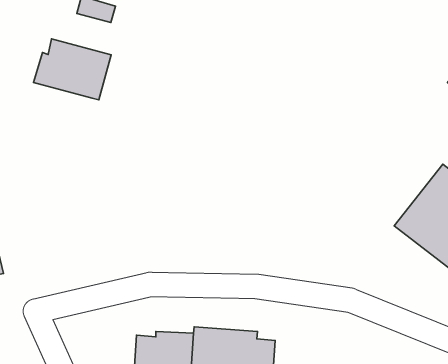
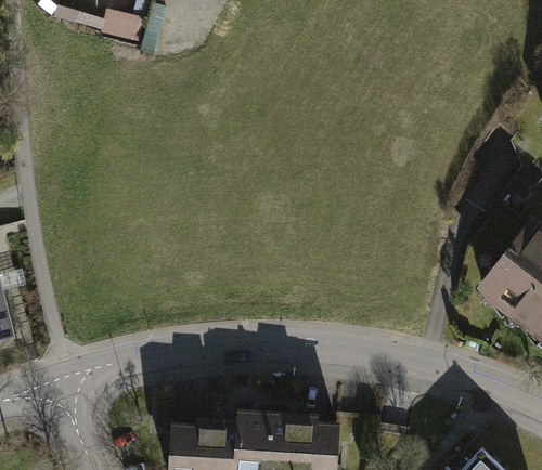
building: [34,39,111,100] -> none

